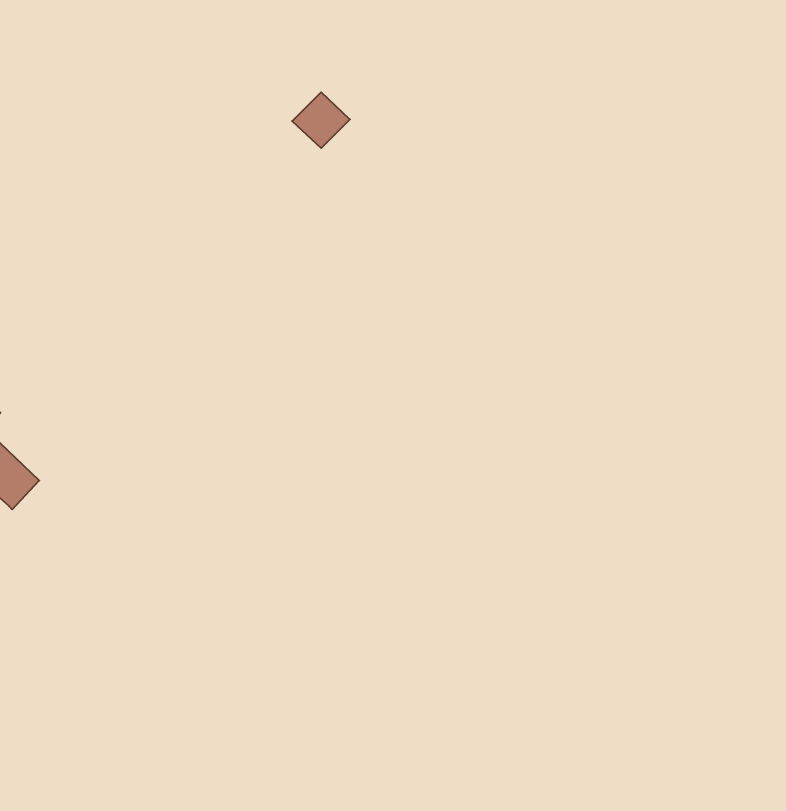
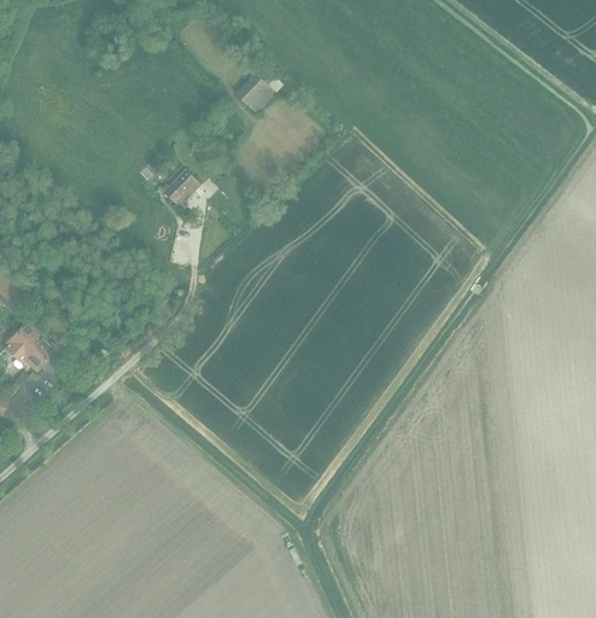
building: none -> [163,170,200,203]

